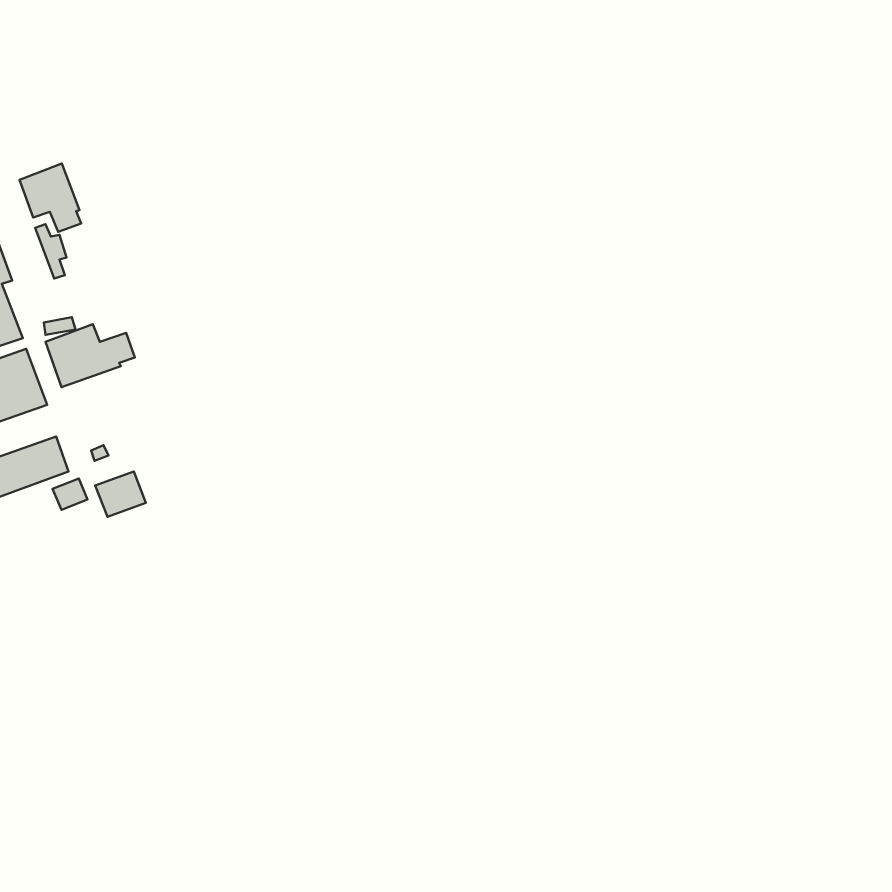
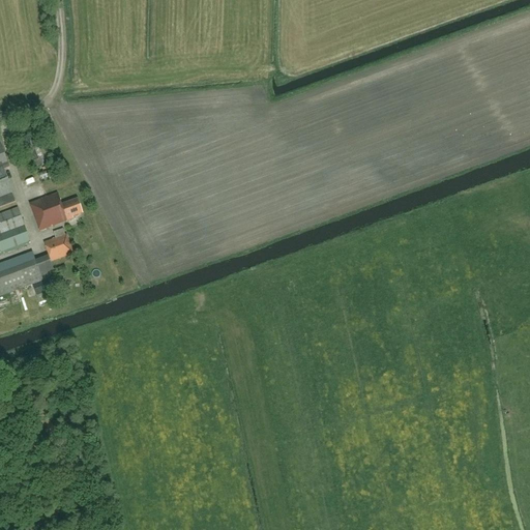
building: [20,164,81,232] -> none
building: [95,471,146,517] -> [41,232,71,259]

